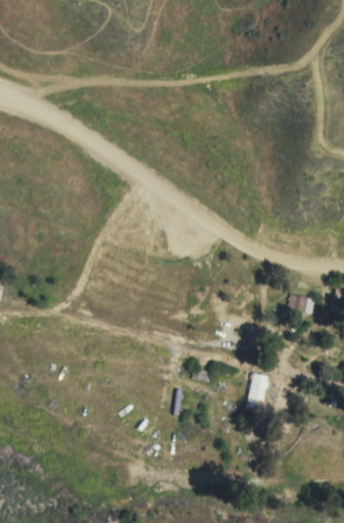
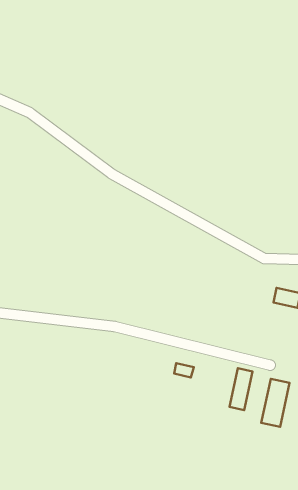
building: none -> [261,379,290,427]

